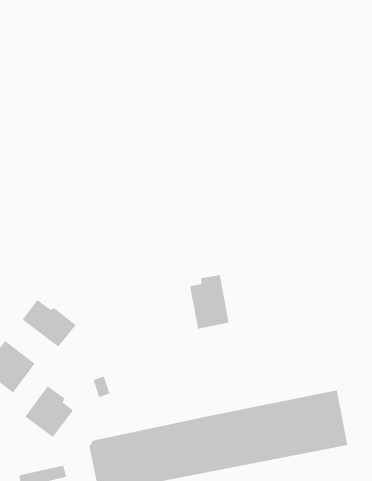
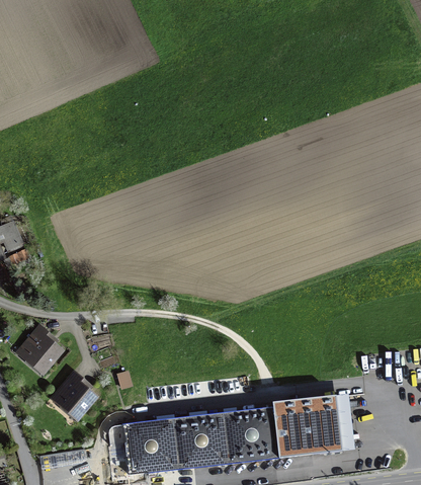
building: [189,275,229,330] -> none
building: [22,299,76,348] -> none

